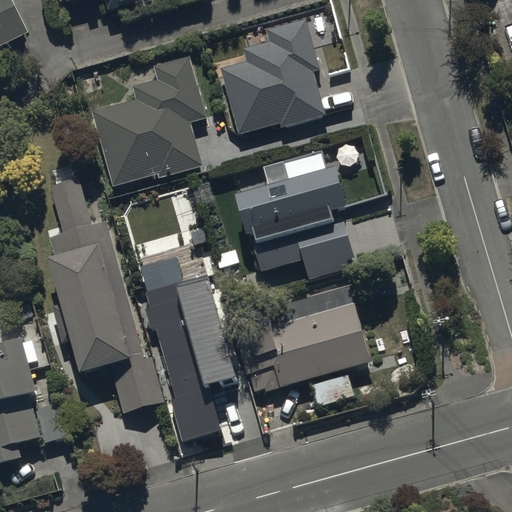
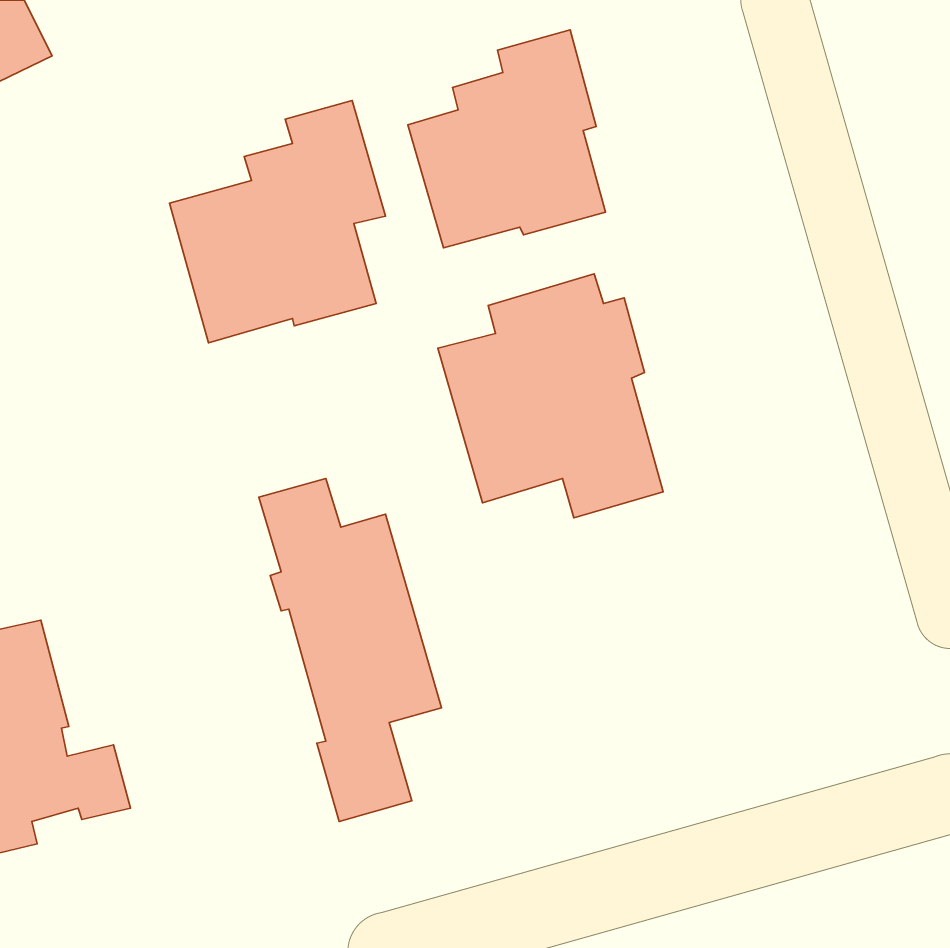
building: [46,180,167,414] -> none
building: [230,284,369,405] -> none

